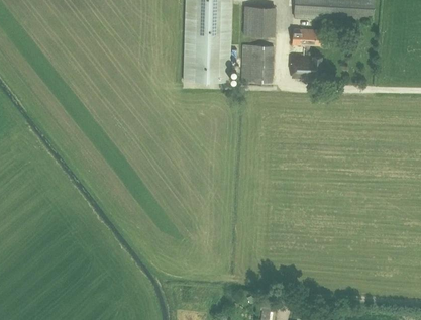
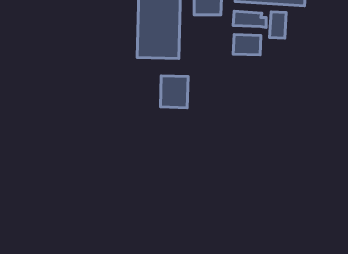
building: none -> [269,12,286,38]
building: [241,46,273,83] -> [160,76,188,108]

